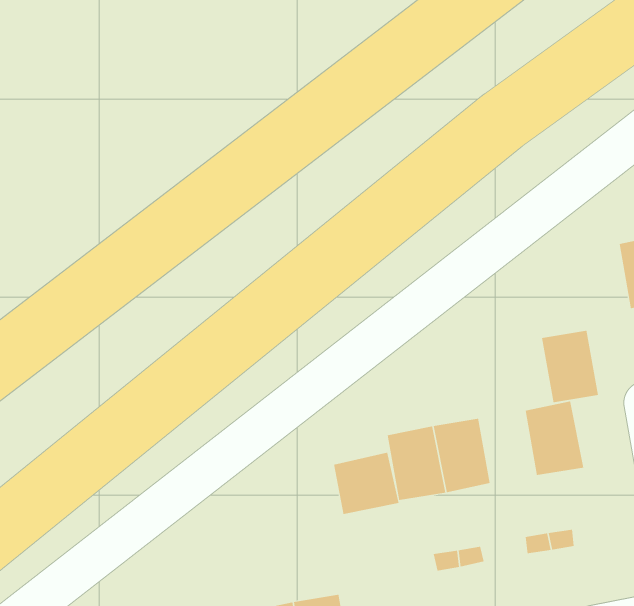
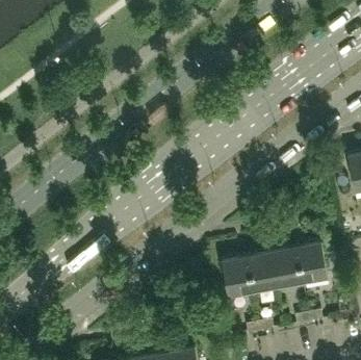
building: [541,330,599,403] -> [270,248,302,287]
building: [334,452,399,515] -> none

